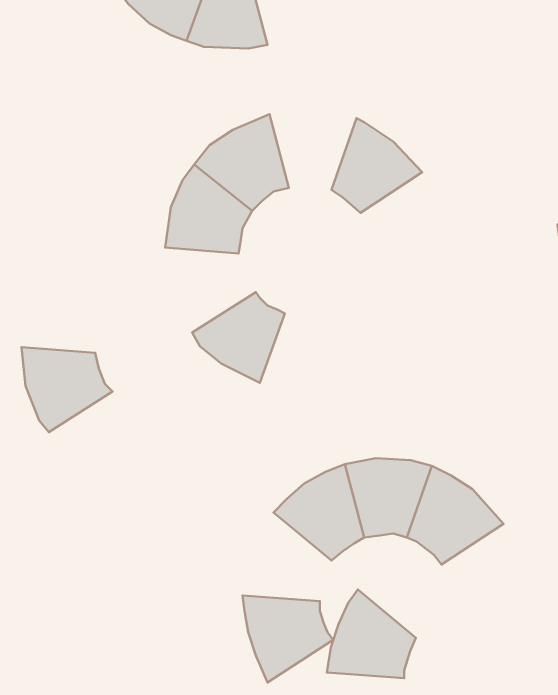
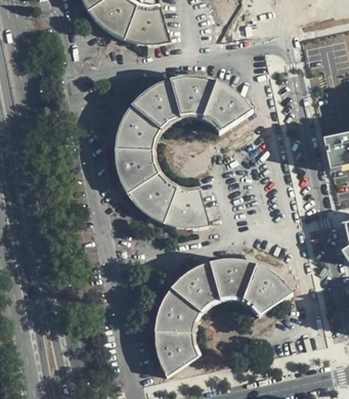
building: none -> [170,76,216,118]
building: none -> [165,183,208,224]
building: [22,347,113,432] -> [115,148,163,193]
building: [327,589,416,678] -> [156,289,203,336]

